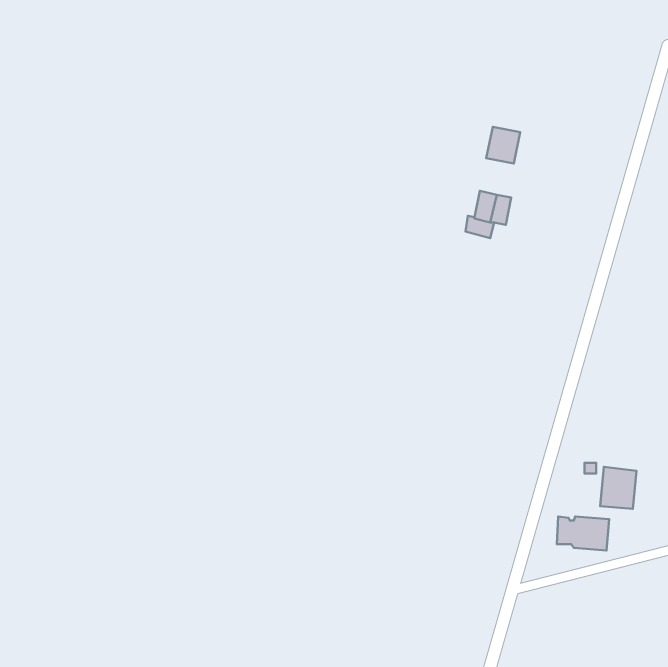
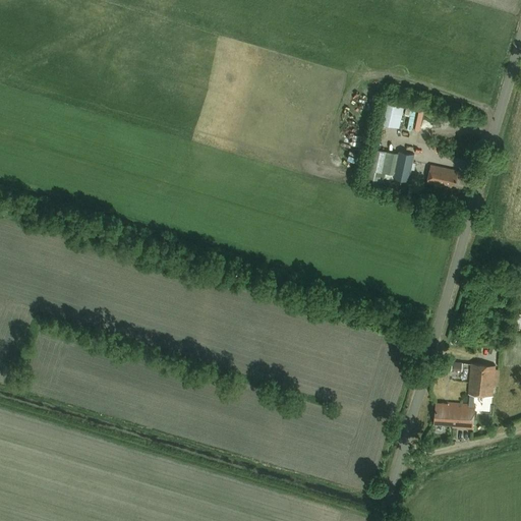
building: none -> [393,152,414,181]
building: none -> [427,165,459,188]

